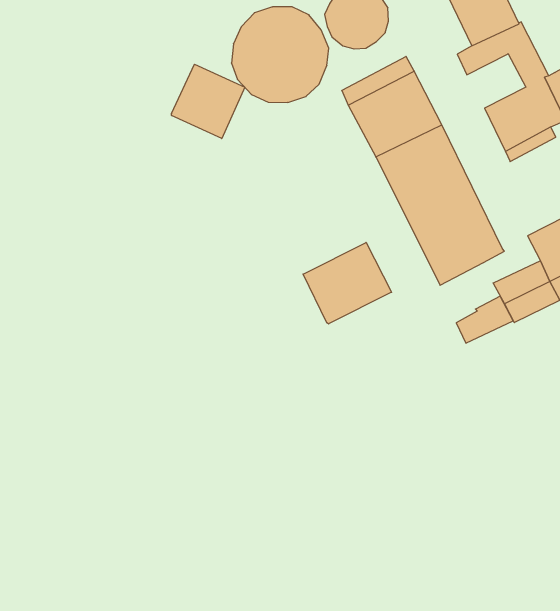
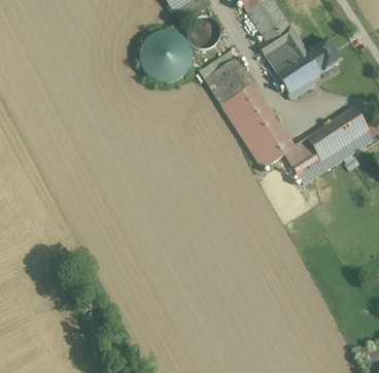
building: none -> [265,42,297,72]
building: [172,64,245,139] -> none
building: [303,242,392,324] -> none
building: [456,296,513,343] -> [284,137,314,164]

